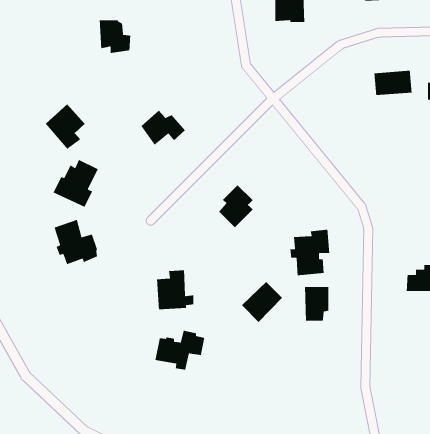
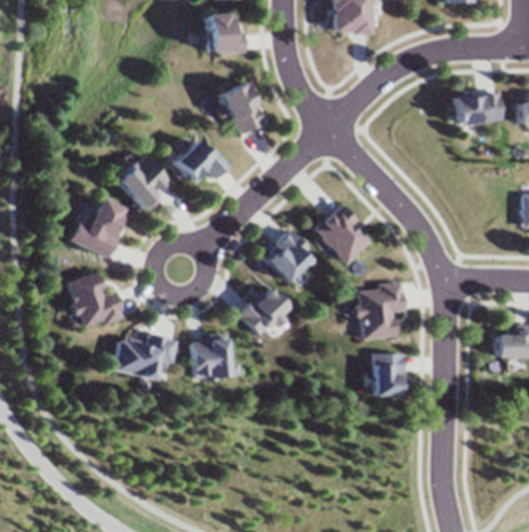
building: [99,19,131,54] -> [206,14,245,56]
building: none -> [219,82,265,135]
building: [45,103,86,150] -> [117,155,166,210]
building: none -> [316,203,370,262]
building: [241,281,283,323] -> [237,288,287,338]
building: [154,330,205,371] -> [117,332,178,381]

